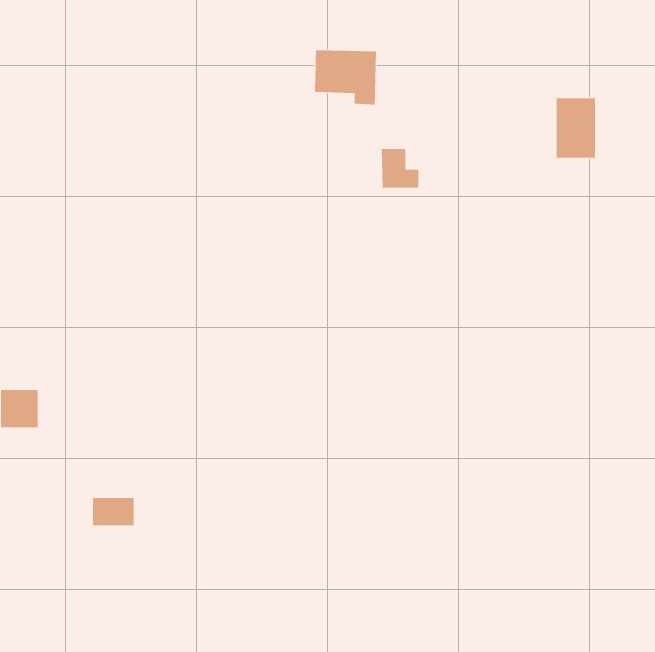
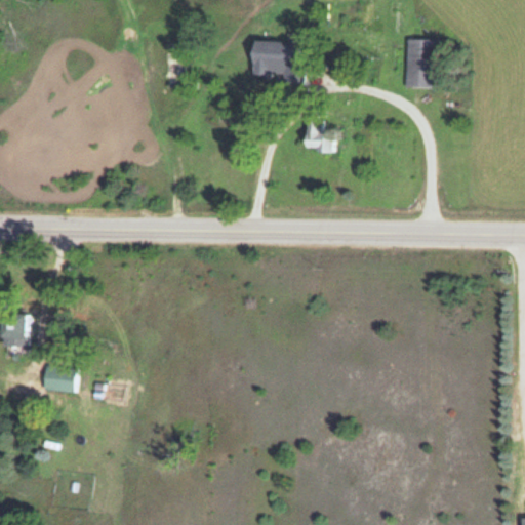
building: [556,98,596,158] -> [406,40,438,88]
building: [92,498,134,526] -> [44,366,78,389]

